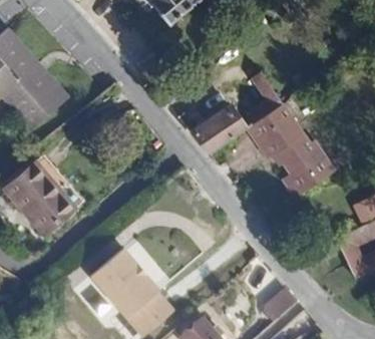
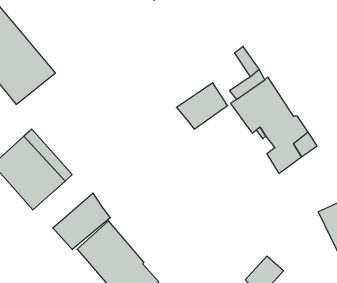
building: none -> [53,193,110,250]

